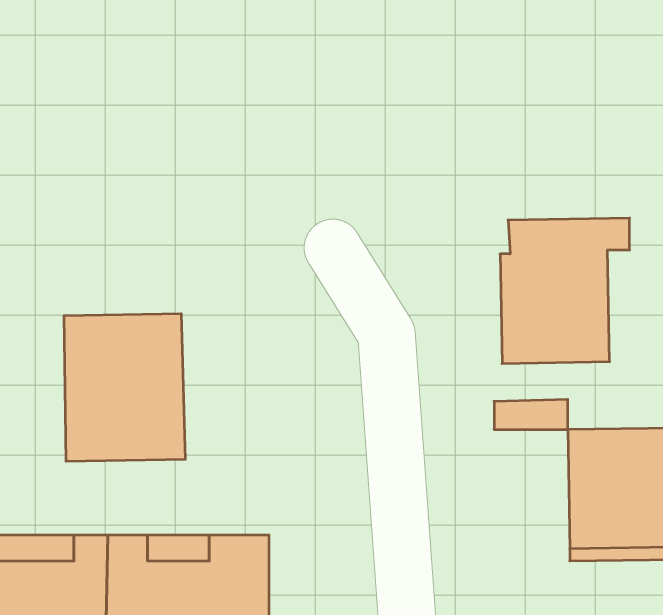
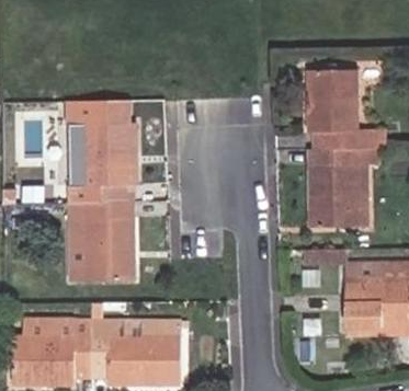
building: none -> [307,70,384,149]
building: none -> [66,100,133,202]

